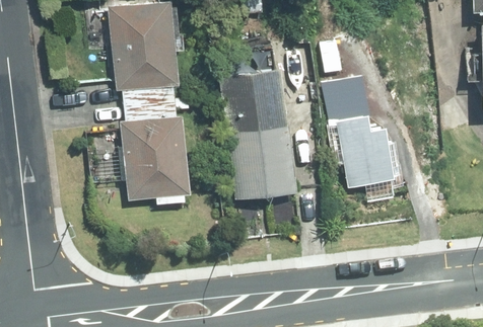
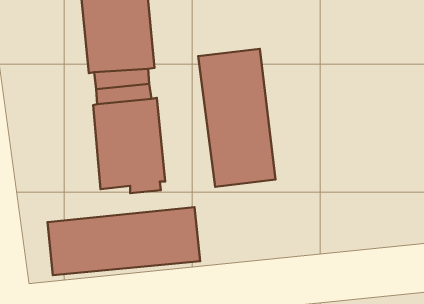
building: [323,77,395,188] -> none
building: none -> [47,207,200,275]

